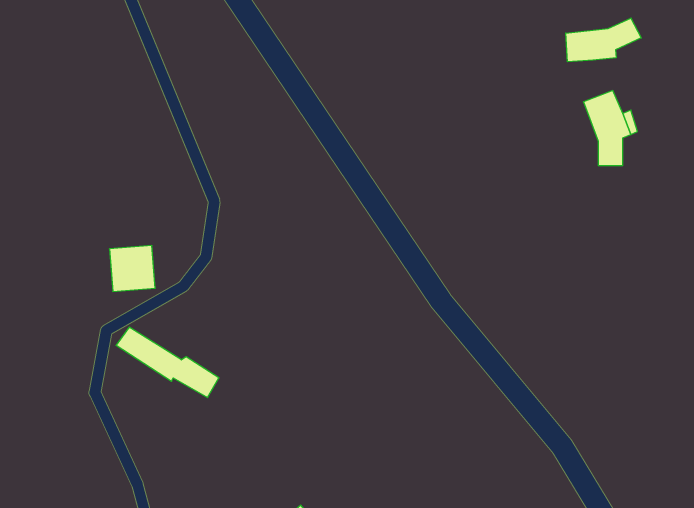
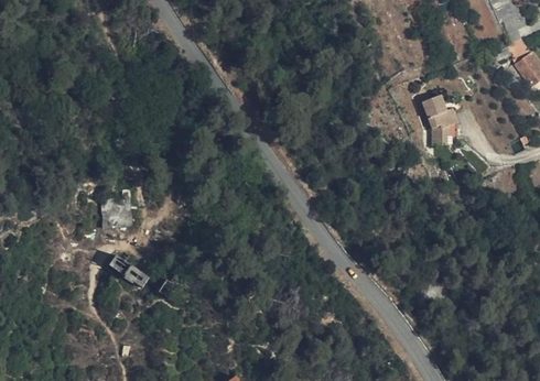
building: [566,18,641,62] -> none

